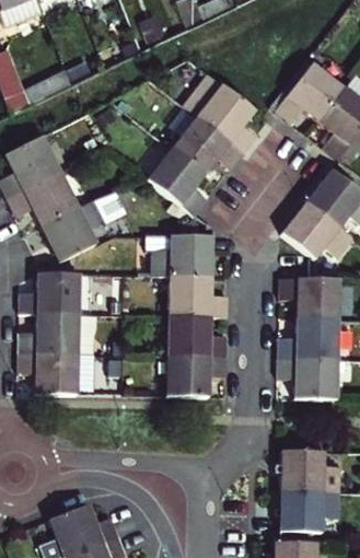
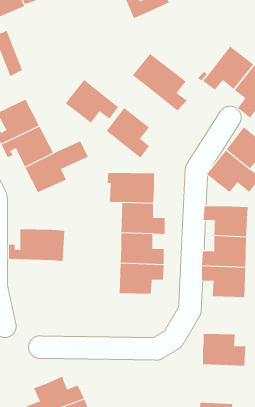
building: [173,114,245,173] -> [65,79,119,123]
building: [19,270,79,310] -> none
building: [16,349,77,392] -> none
building: [276,490,336,532] -> none

